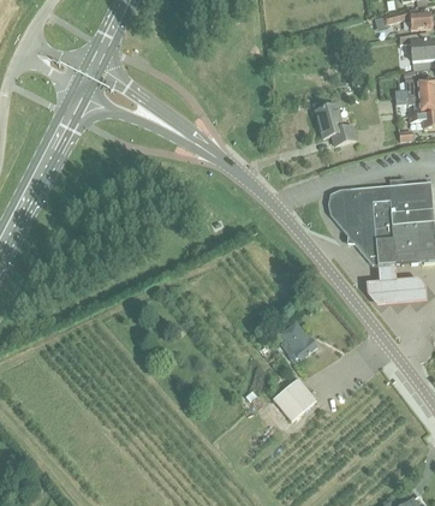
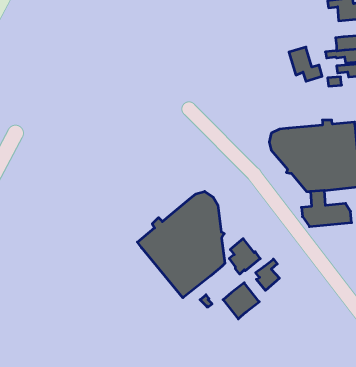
building: [316,105,356,145] -> [289,47,322,81]
building: none -> [137,191,225,298]
building: none -> [256,259,279,290]

